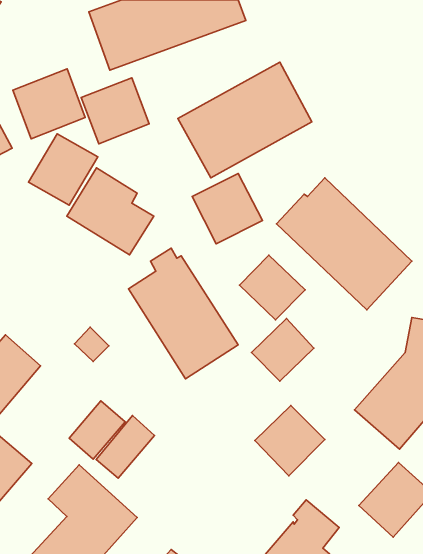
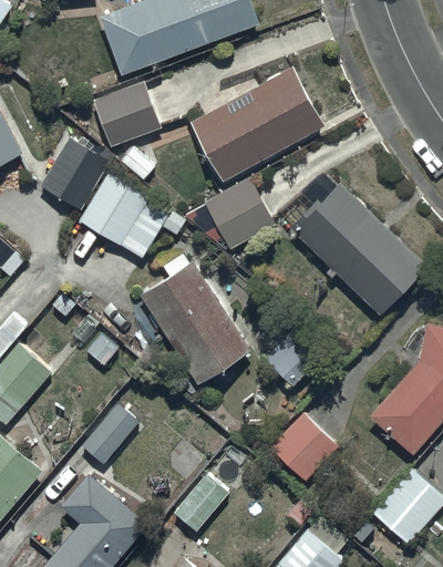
building: [13,69,85,139] -> none
building: [239,255,305,320] -> none
building: [96,416,154,478] -> [169,474,228,537]

